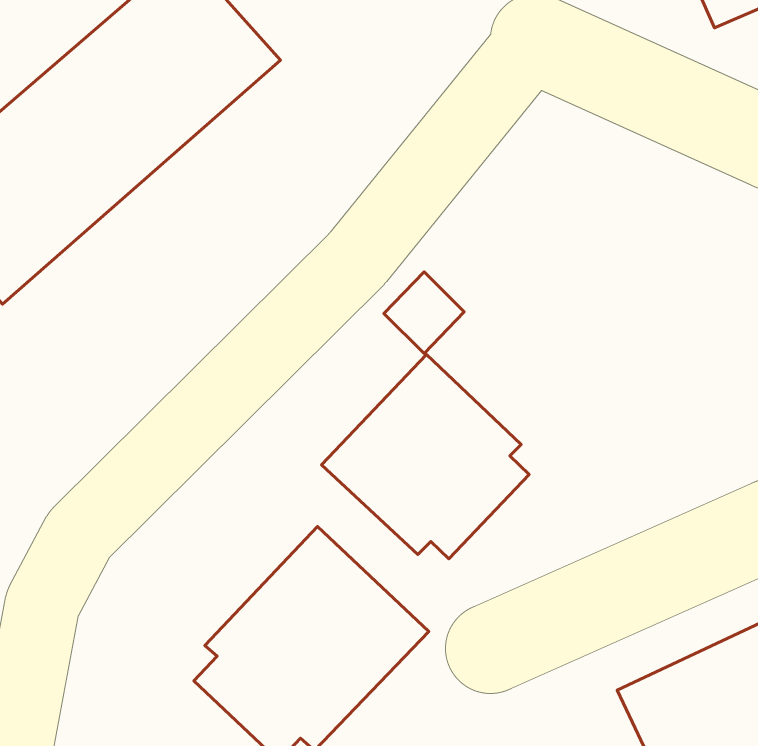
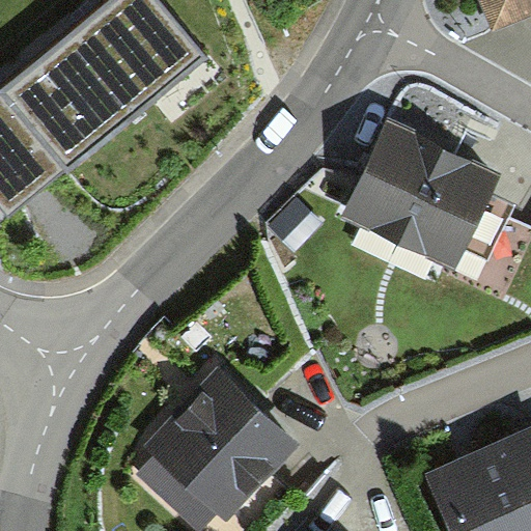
building: none -> [334,114,514,273]
building: [322,355,529,559] -> none

